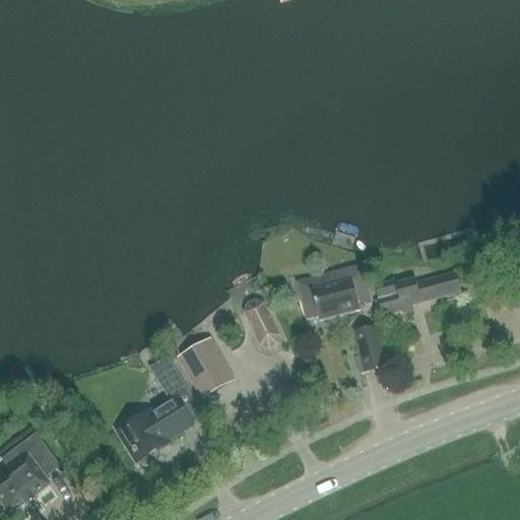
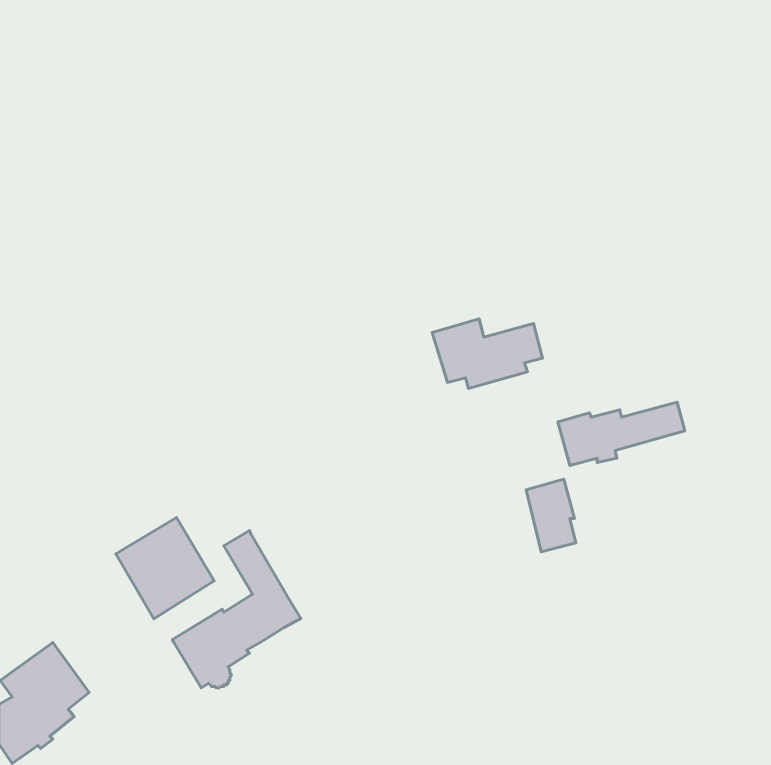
building: [297,273,371,320] -> [432,319,543,388]
building: [244,300,281,347] -> none
building: [169,334,235,402] -> [116,517,214,619]

